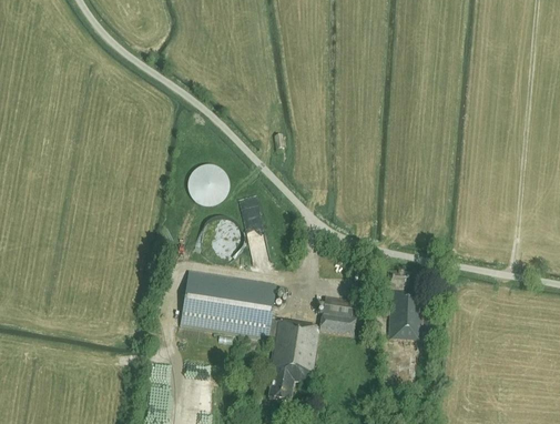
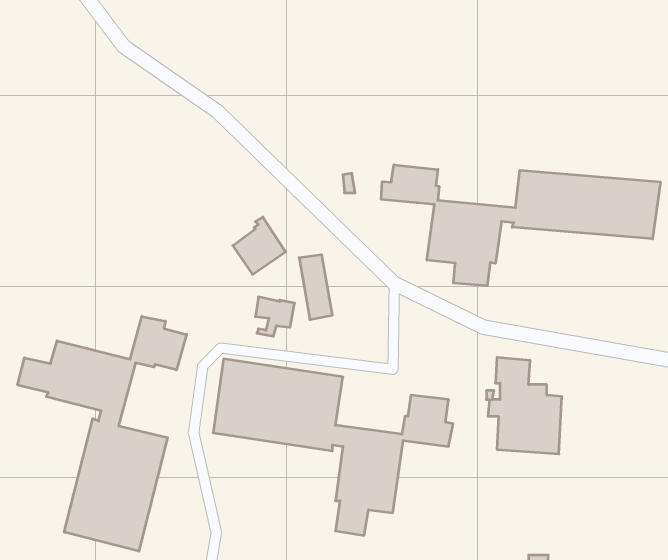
building: none -> [381,165,660,286]
building: none -> [18,316,187,551]

